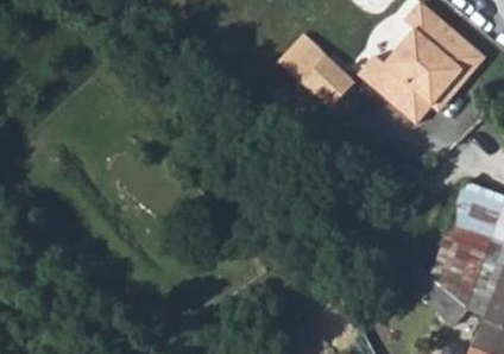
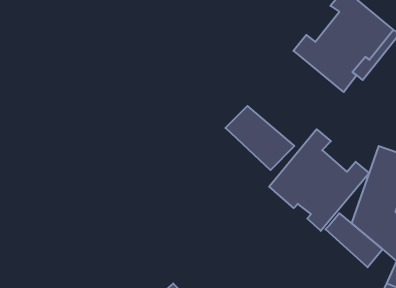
building: [278,36,360,112] -> [225,106,294,170]
building: none -> [269,129,369,231]

